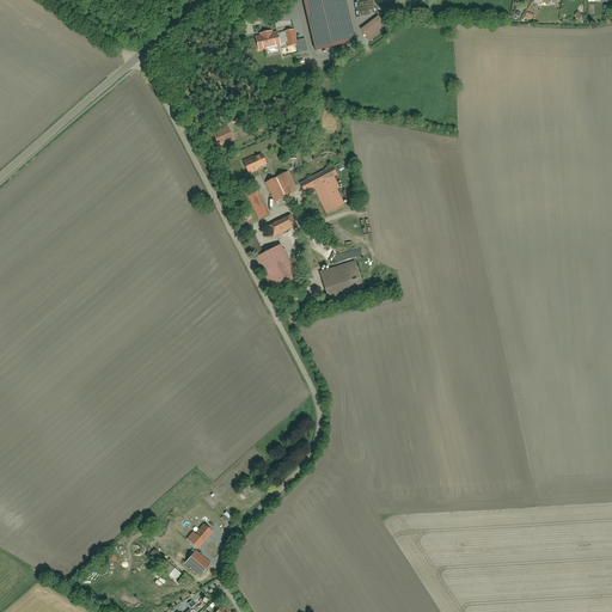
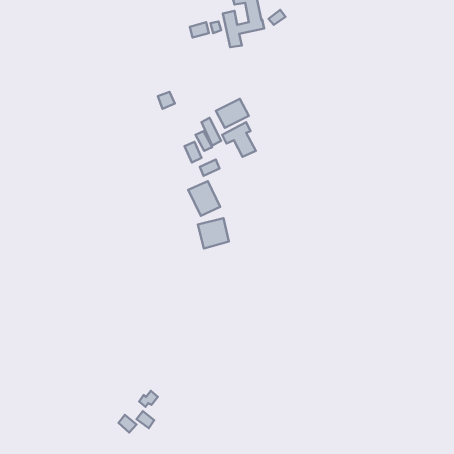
building: none -> [216,99,249,128]
building: [322,262,363,302] -> [198,218,229,248]

